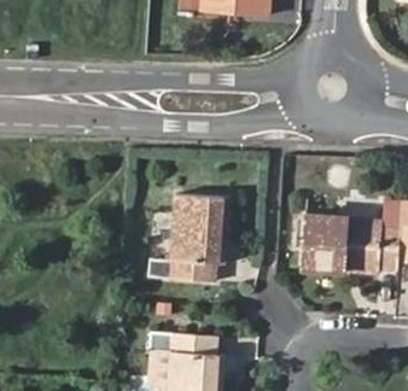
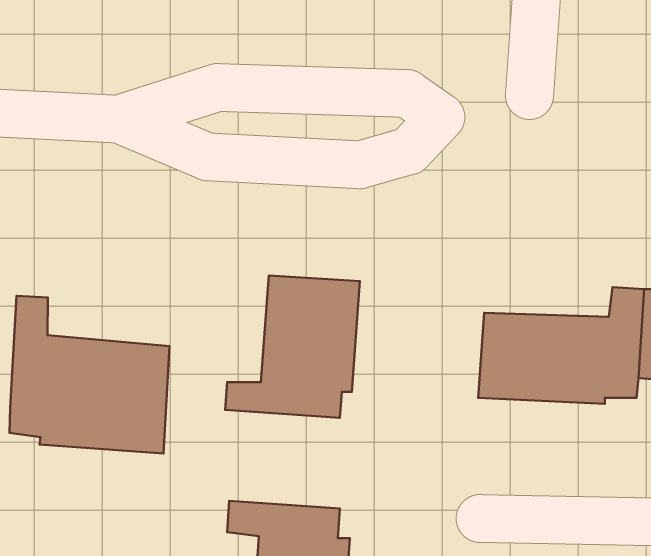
building: none -> [10,296,169,453]

